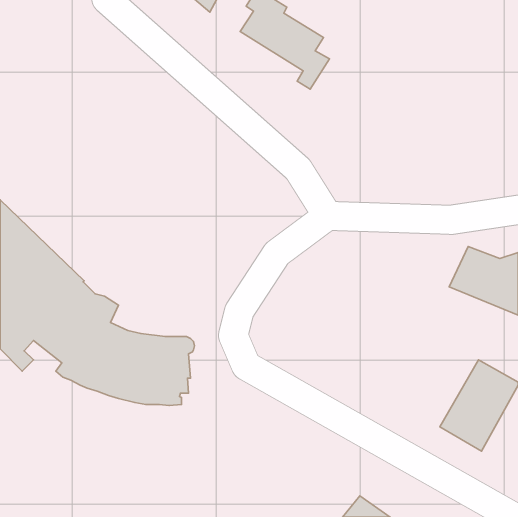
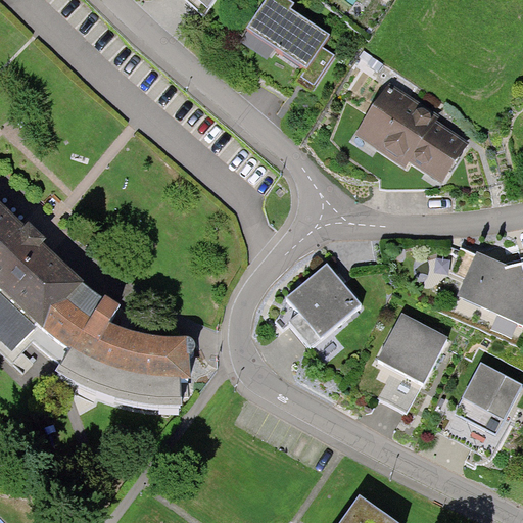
building: none -> [355,81,465,176]
building: none -> [285,265,360,344]
building: none -> [380,315,450,410]

